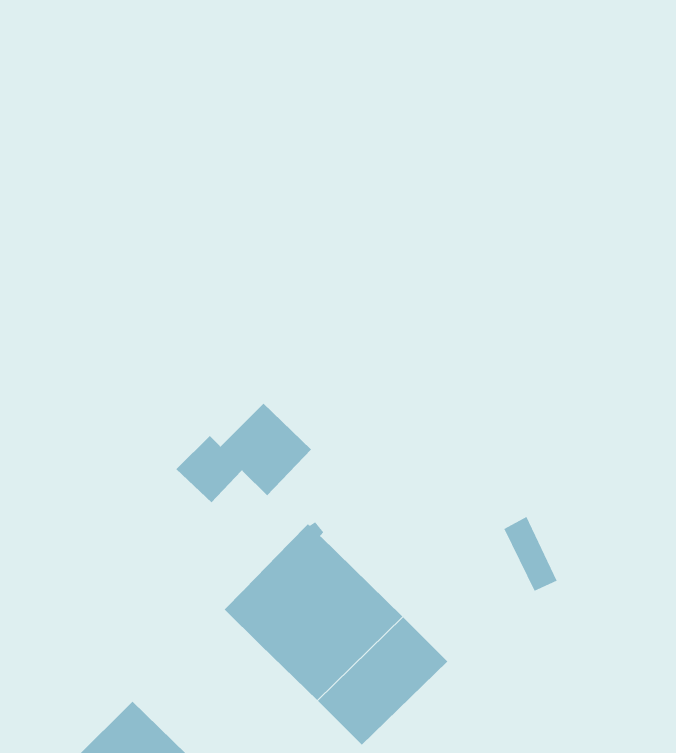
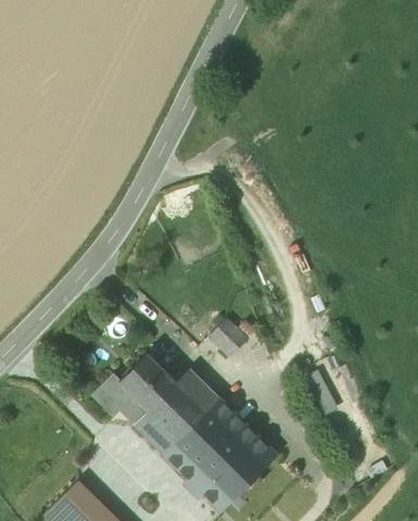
building: [176,403,312,503] -> [93,356,176,417]
building: none -> [211,320,248,357]

